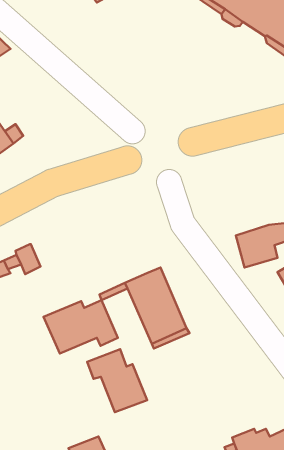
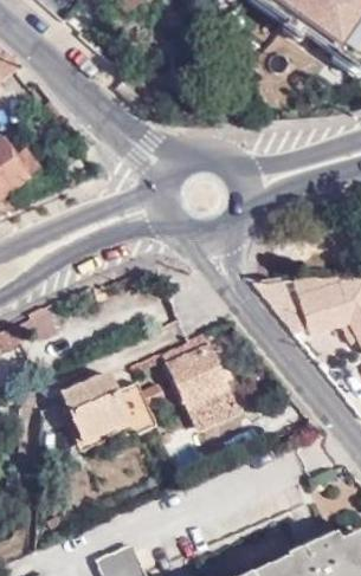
building: [87,349,147,412] -> none

